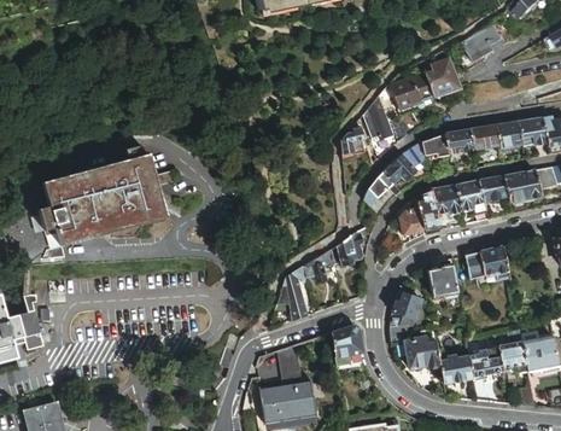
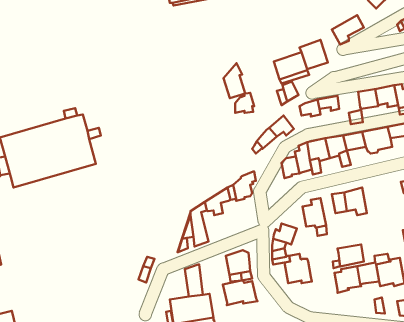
building: [364,94,392,139] -> [223,63,245,98]
building: [473,124,502,148] -> none
building: [439,355,473,383] -> [337,245,364,266]
building: none -> [223,280,258,305]

